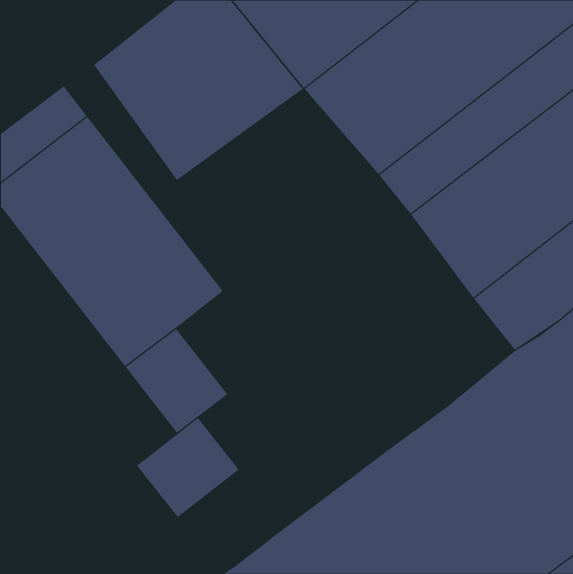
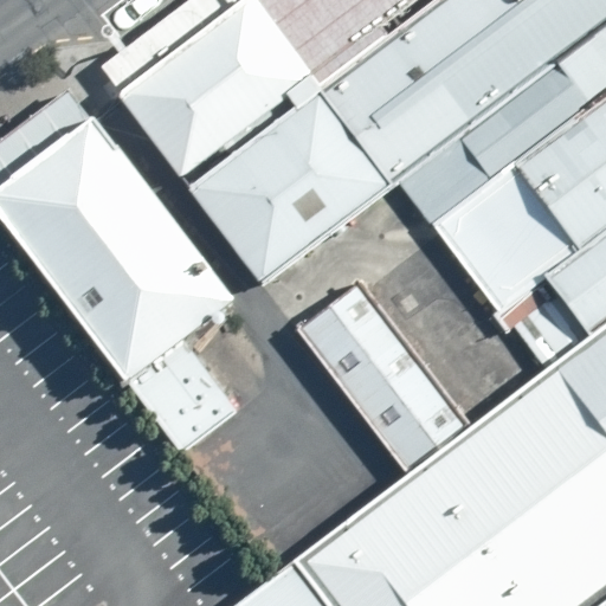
building: none -> [187,94,400,285]
building: none -> [299,285,473,476]
building: [136,417,240,518] -> none

